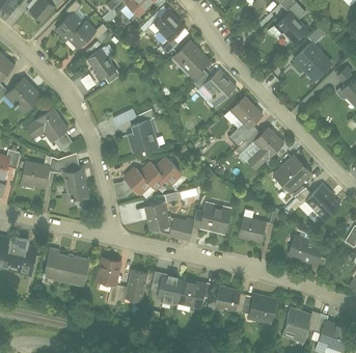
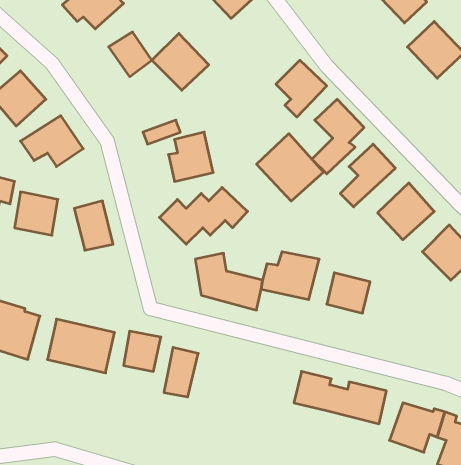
building: [172,38,212,78] -> [152,33,209,90]
building: none -> [257,134,324,201]
building: [287,234,326,267] -> none
building: [150,271,213,307] -> none

